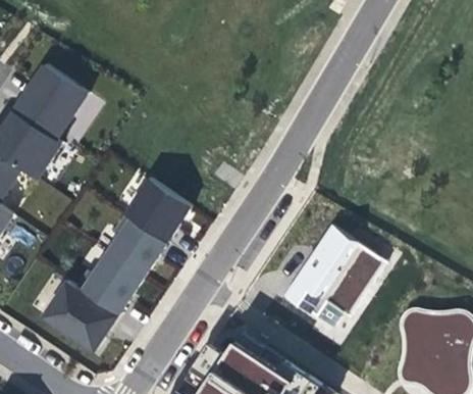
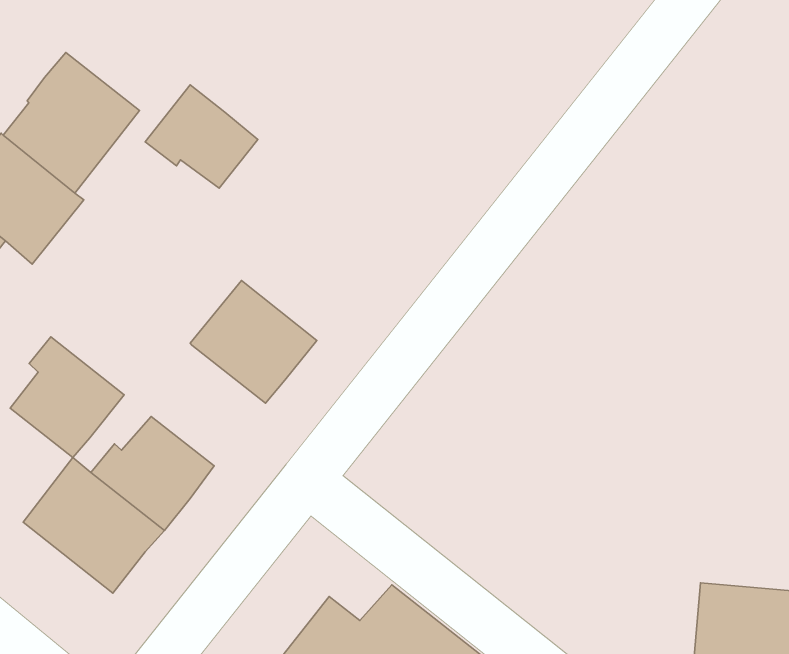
building: none -> [145,85,258,188]
building: [107,214,167,278] -> [10,337,124,458]
building: [284,226,386,327] -> none

